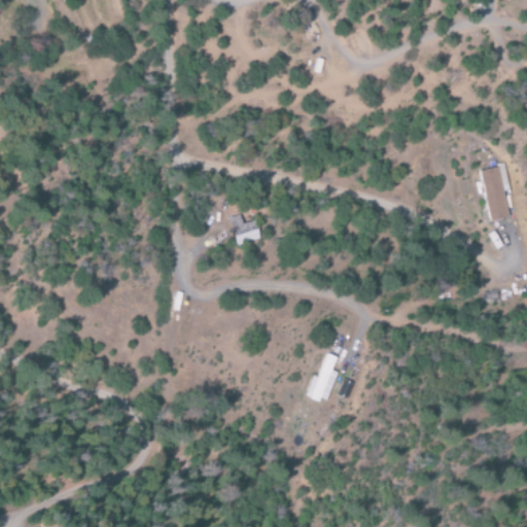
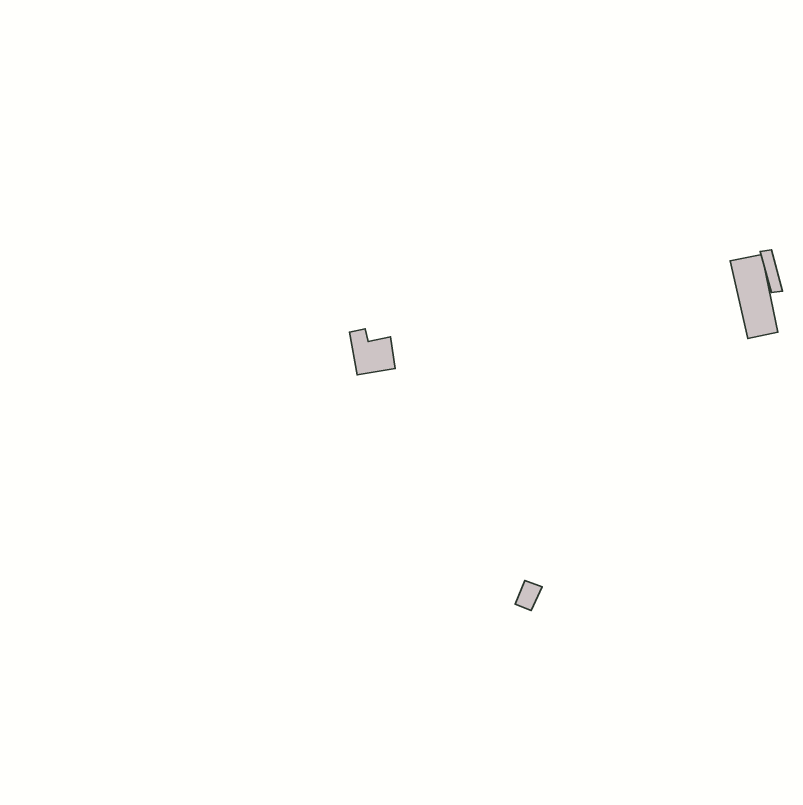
building: [304,352,337,402] -> none

